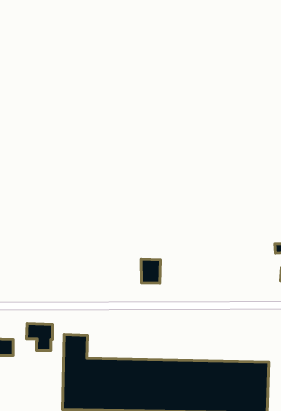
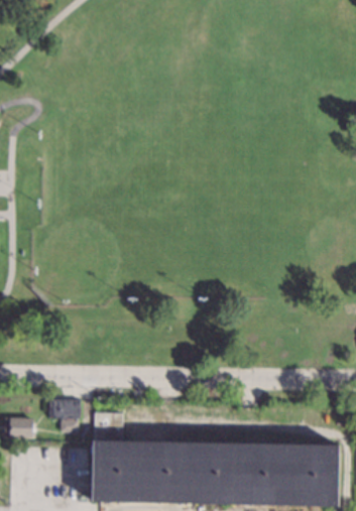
building: [141,259,160,283] -> none

